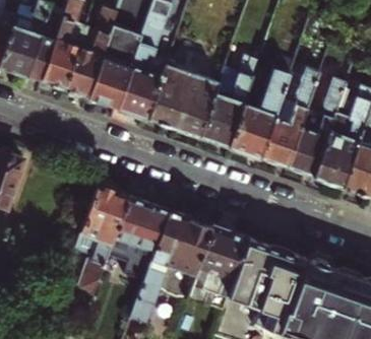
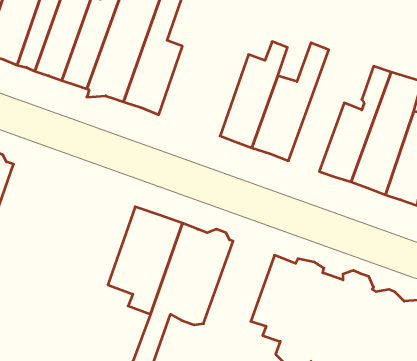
building: [147,56,219,136] -> none
building: [259,66,320,166] -> none
building: [74,184,127,295] -> none
building: [186,226,247,310] -> none

